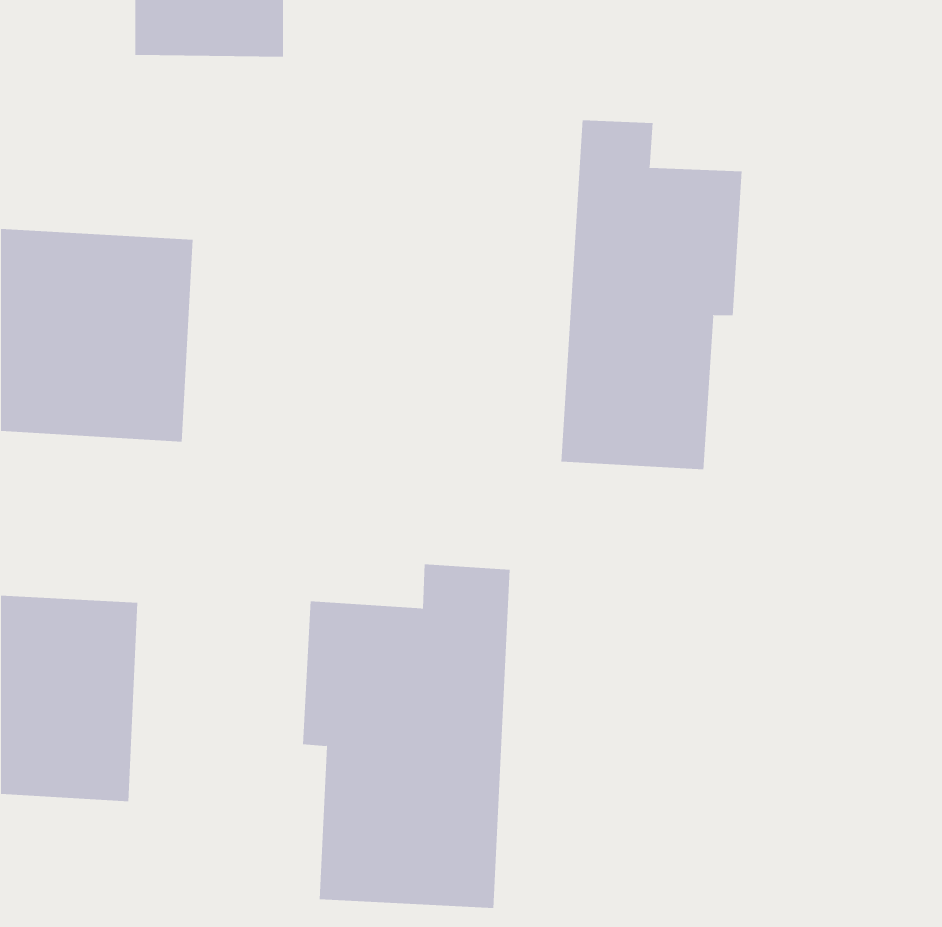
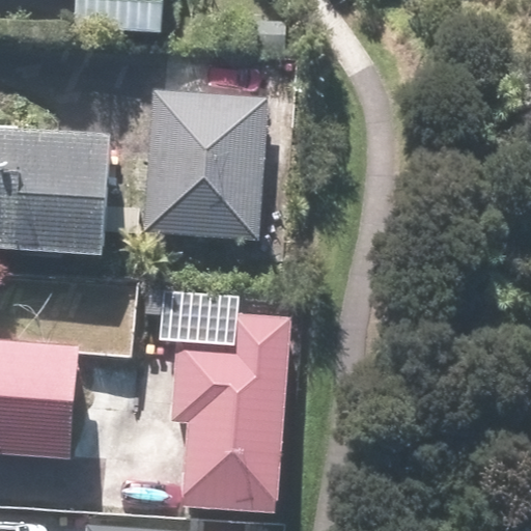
building: [561,119,742,470] -> none
building: none -> [142,86,273,244]

